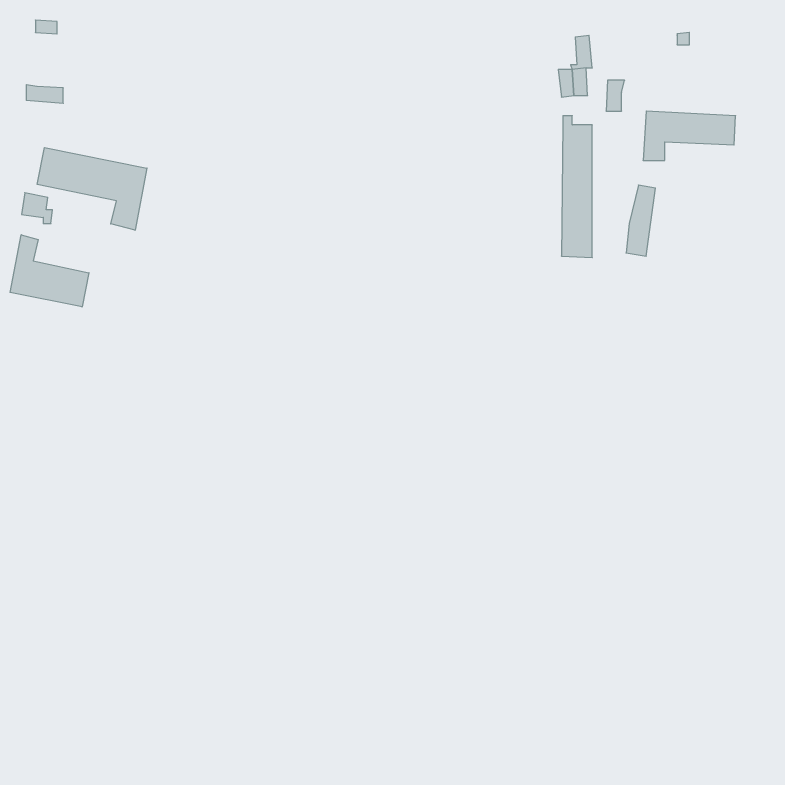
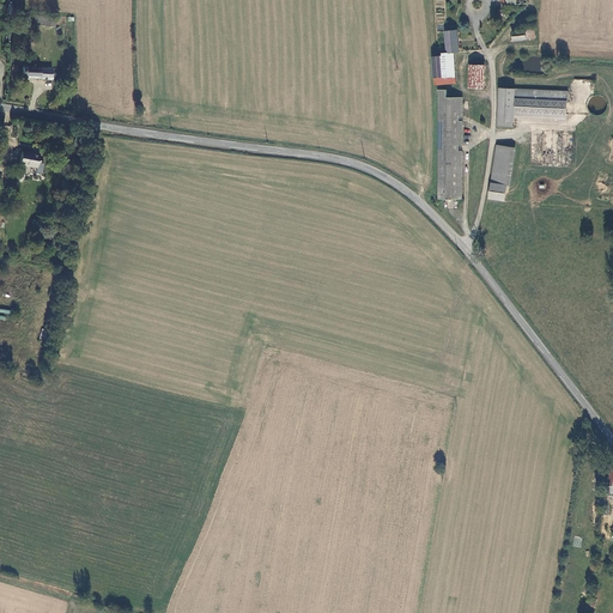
building: [37,148,147,230] -> none
building: [10,235,89,307] -> none

